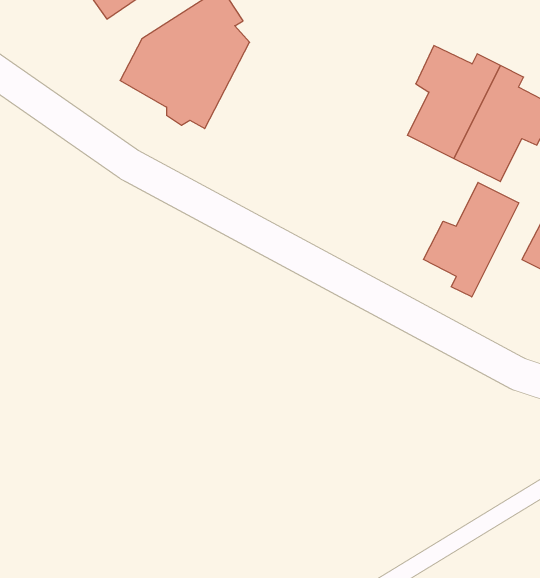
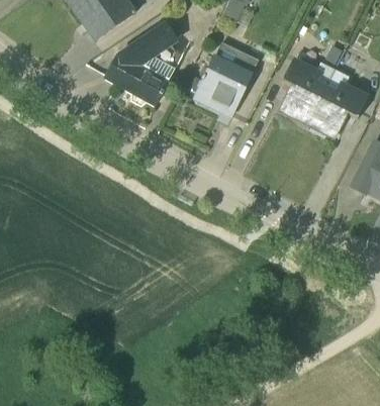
building: none -> [192,41,258,117]
building: [423,182,519,297] -> none

